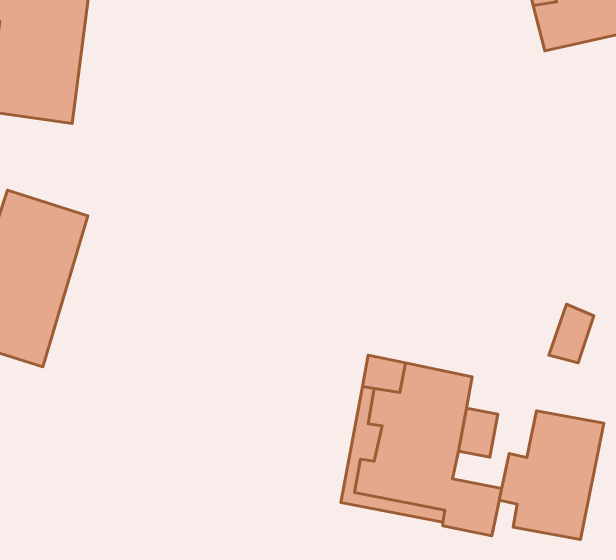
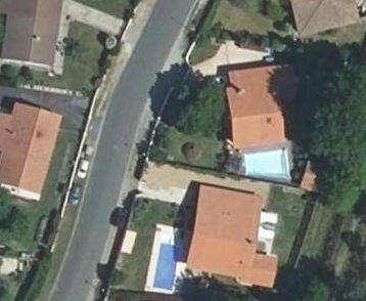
building: none -> [227,66,292,144]
building: [499,411,604,540] -> none

